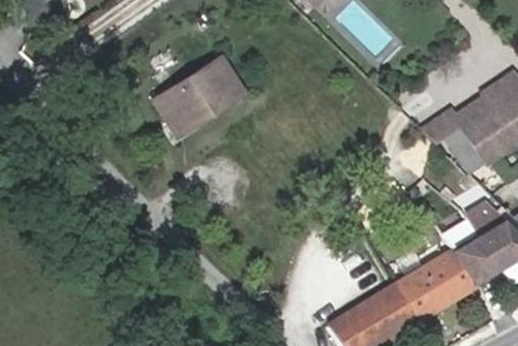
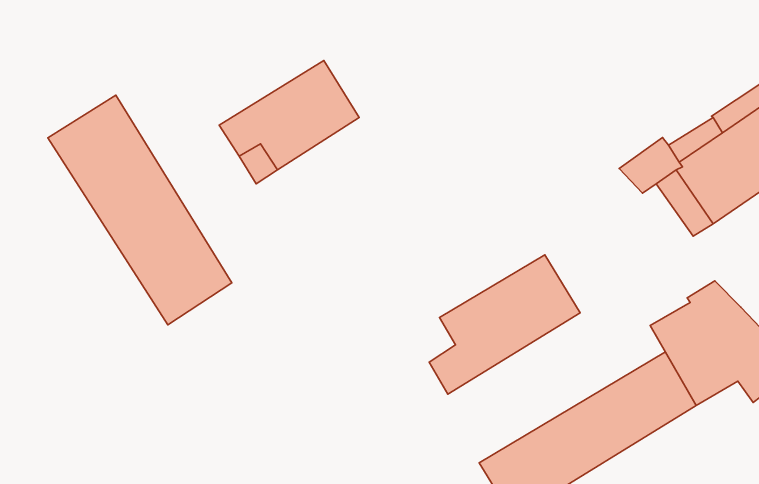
building: none -> [48,95,232,325]
building: none -> [429,255,580,394]

